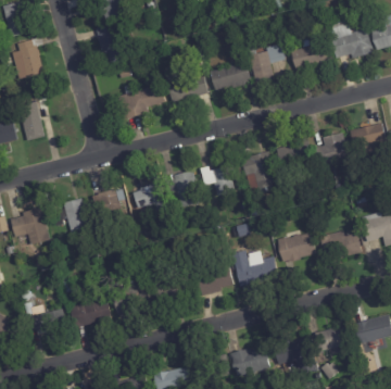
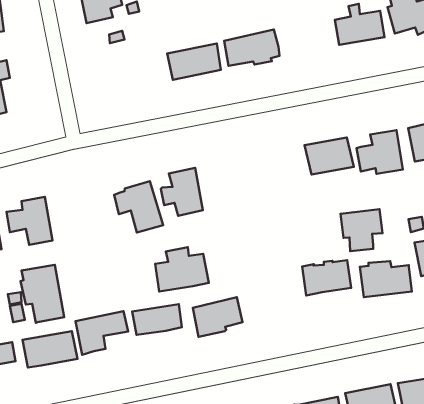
building: [247,43,285,84] -> none
building: [116,85,163,121] -> none
building: [240,150,275,188] -> none
building: [199,164,234,194] -> none
building: [97,188,124,219] -> none
building: none -> [341,209,382,251]
building: none -> [20,265,64,323]
building: [237,250,278,285] -> [155,247,209,292]

